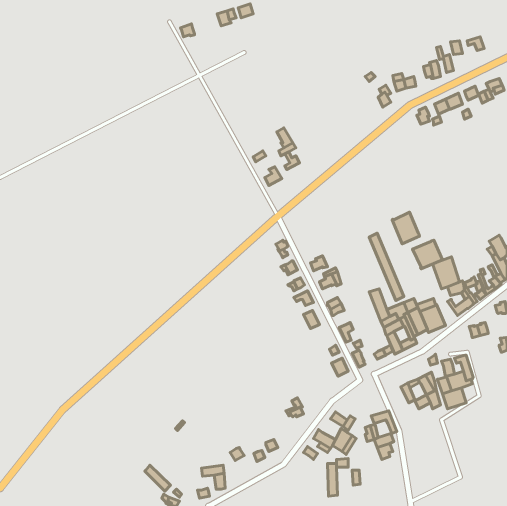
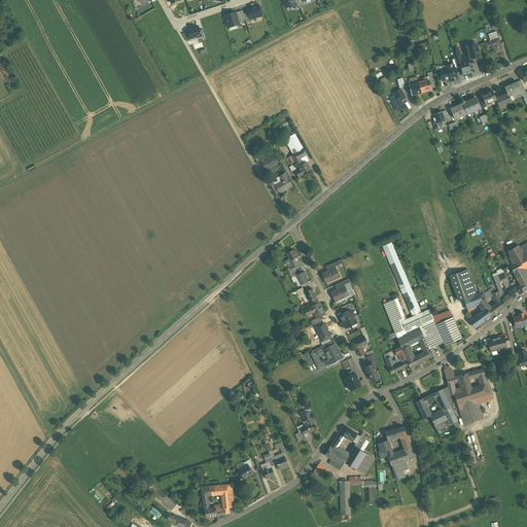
building: [392,212,420,244] -> none
building: [413,240,442,269] -> none
building: none -> [311,343,342,370]

